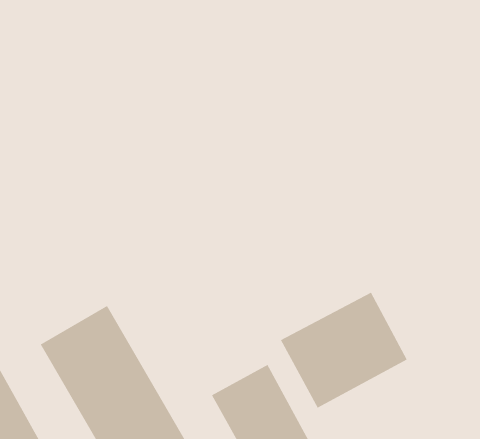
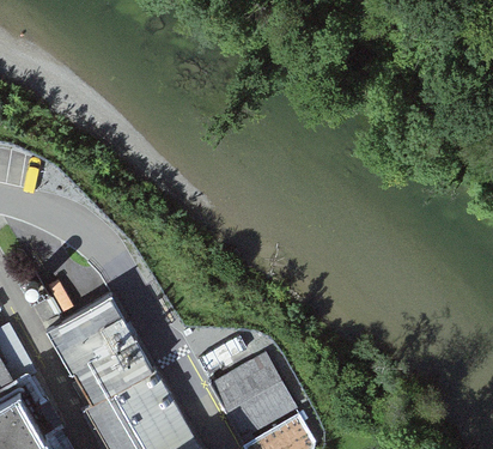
building: [280,292,407,409] -> none

